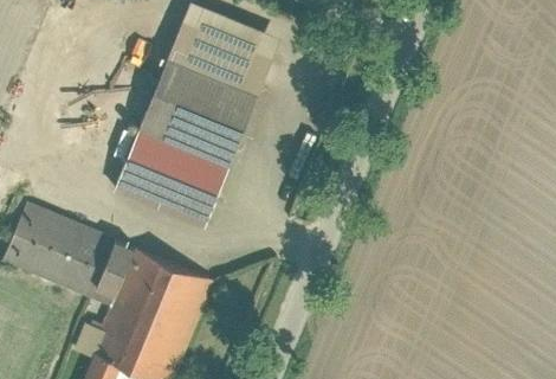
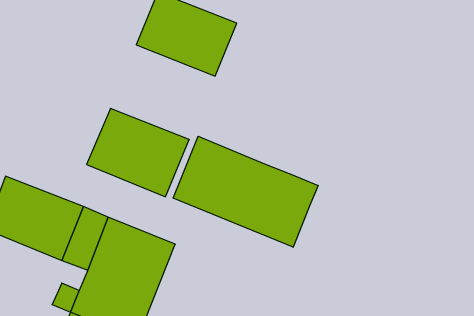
building: [141,60,256,165] -> none
building: none -> [173,136,318,247]

